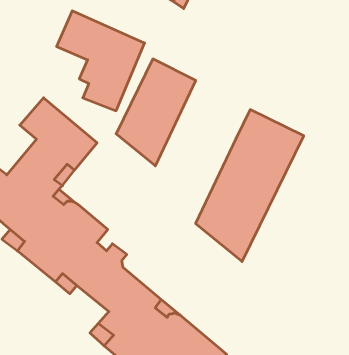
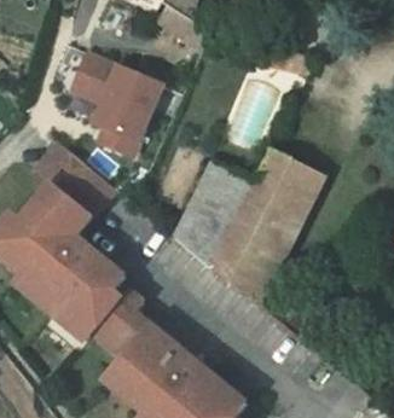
building: [116,59,196,166] -> [174,159,255,268]

